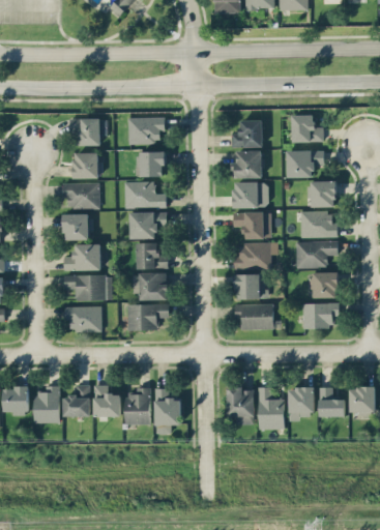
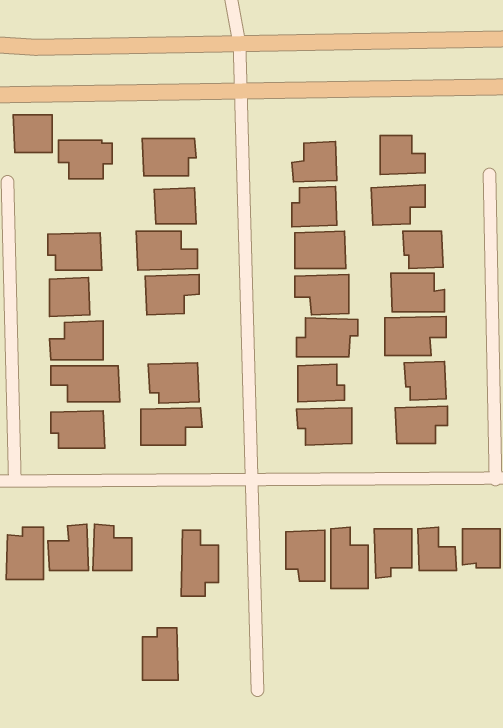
building: [72,152,99,178] -> [13,115,52,152]
building: [137,242,168,268] -> none
building: [125,387,150,423] -> [142,628,178,680]

